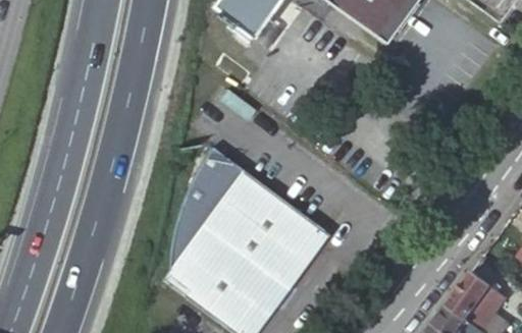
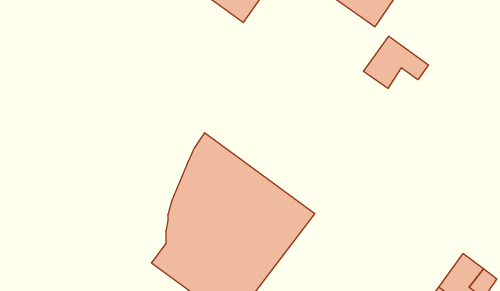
building: none -> [364,36,428,88]

